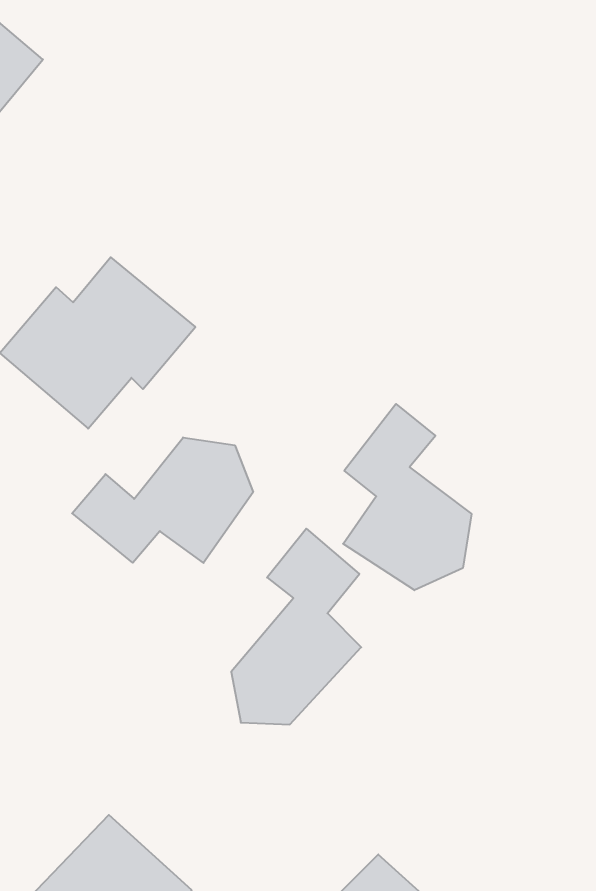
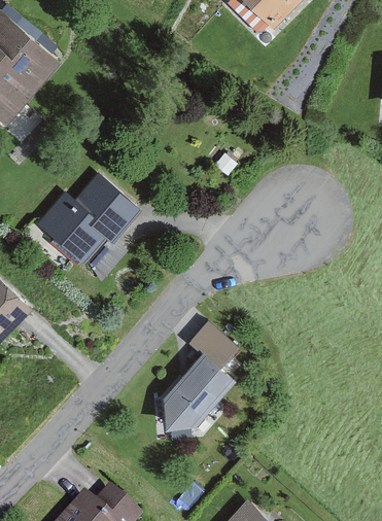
building: [343,404,472,590] -> none
building: [72,437,253,563] -> none

